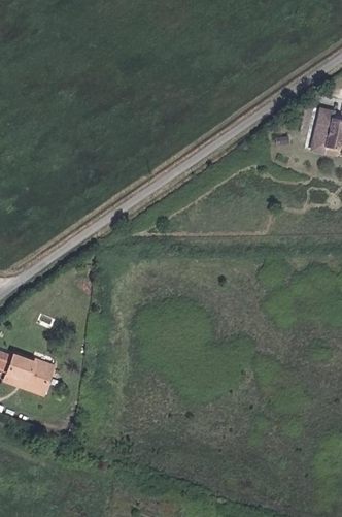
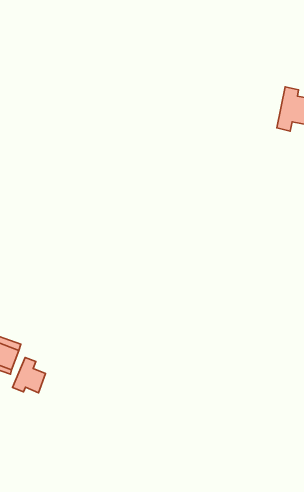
building: none -> [13,357,46,393]

